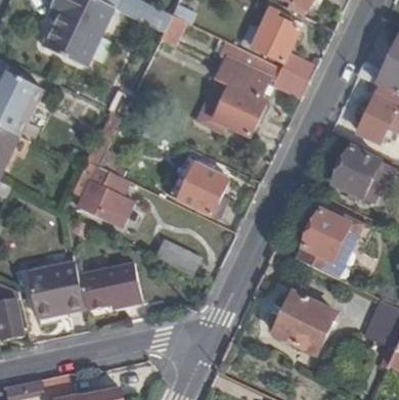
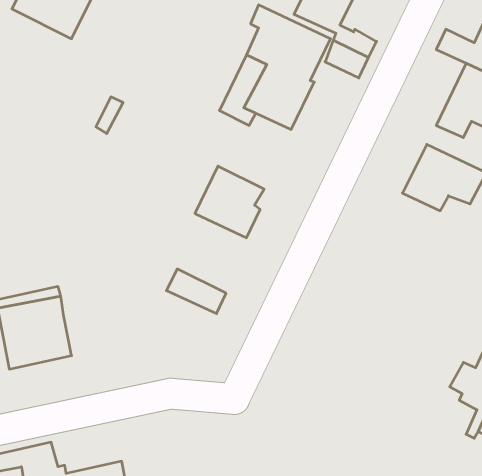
building: [76,162,131,227] -> none
building: [297,211,372,282] -> none
building: [77,264,140,312] -> none
building: [273,291,335,352] -> none

